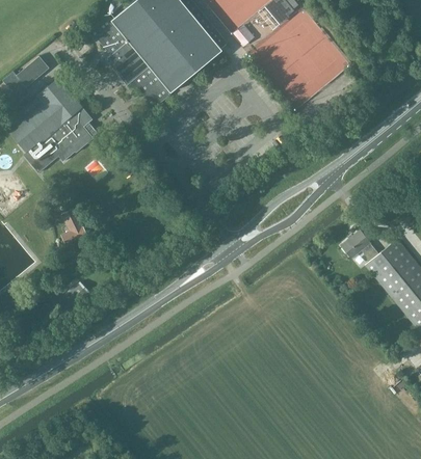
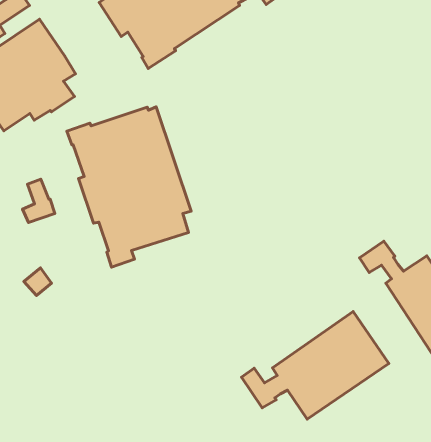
building: none -> [67,107,191,267]
building: none -> [241,312,389,419]

